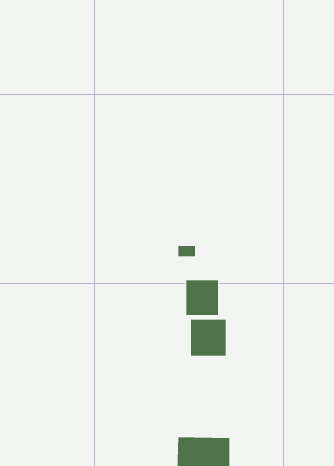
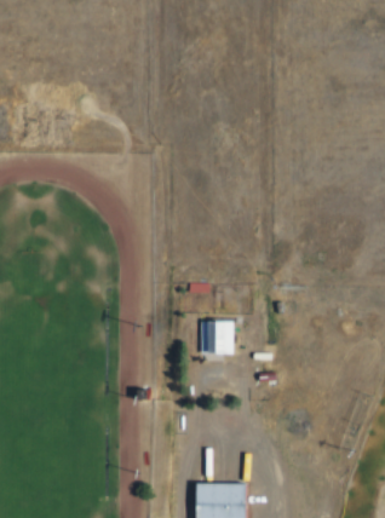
building: [190,319,226,356] -> none

